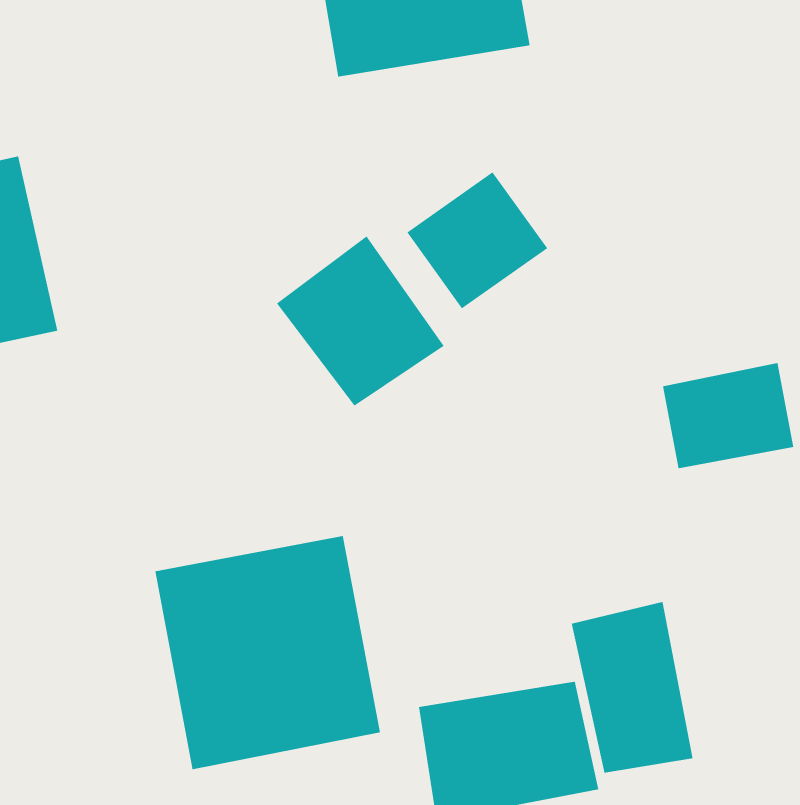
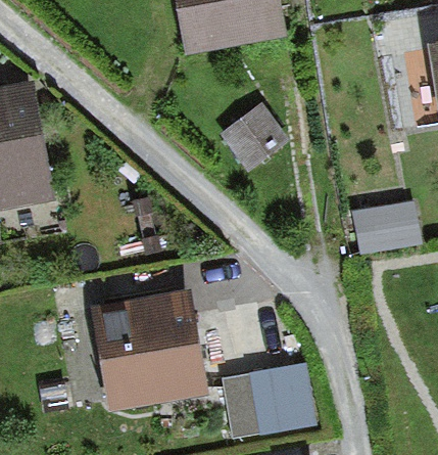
building: [276,235,444,407] -> none
building: [571,601,693,773] -> none

